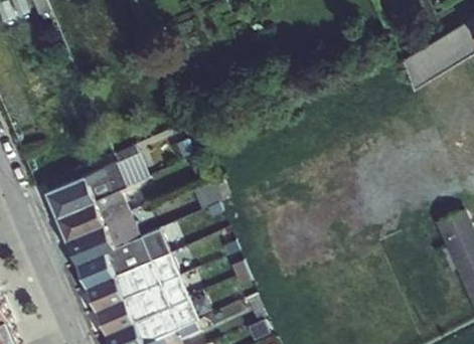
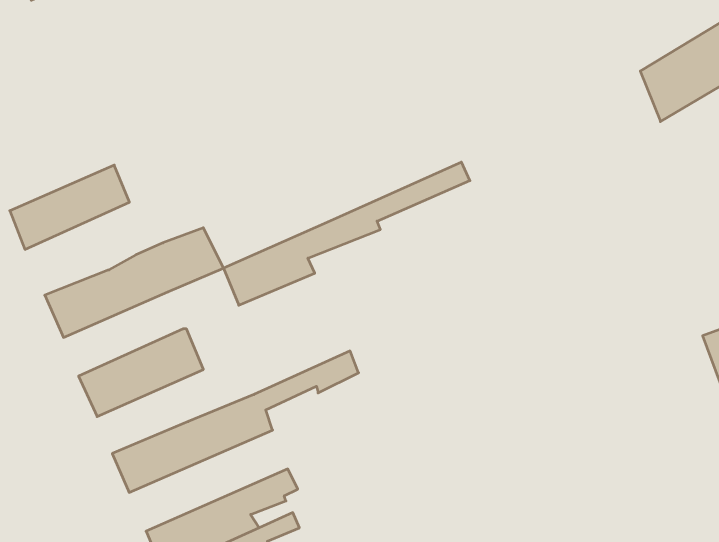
building: [54,192,126,242] -> [10,165,129,249]
building: [74,203,221,289] -> [224,162,470,305]
building: [94,275,188,335] -> none

